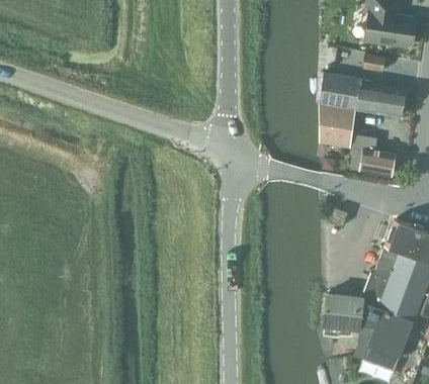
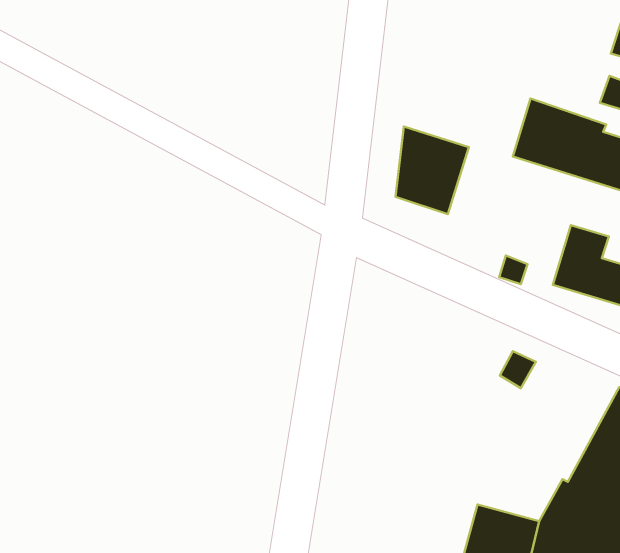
building: [320,104,356,148] -> [395,126,469,214]

